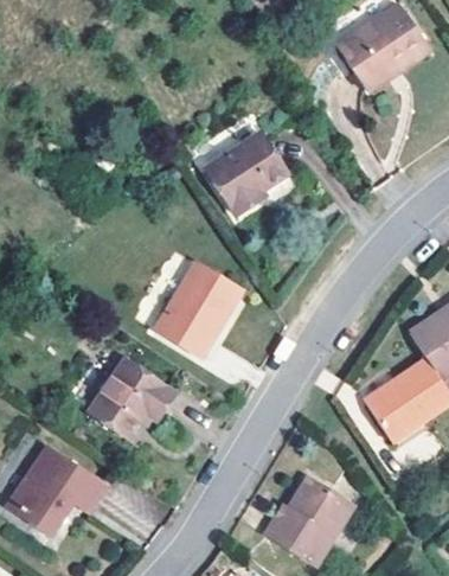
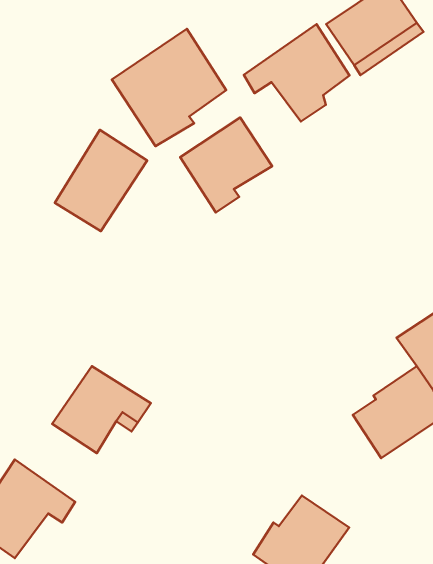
building: none -> [244,24,350,122]
building: none -> [112,29,226,146]
building: [156,263,242,357] -> [55,130,147,231]

